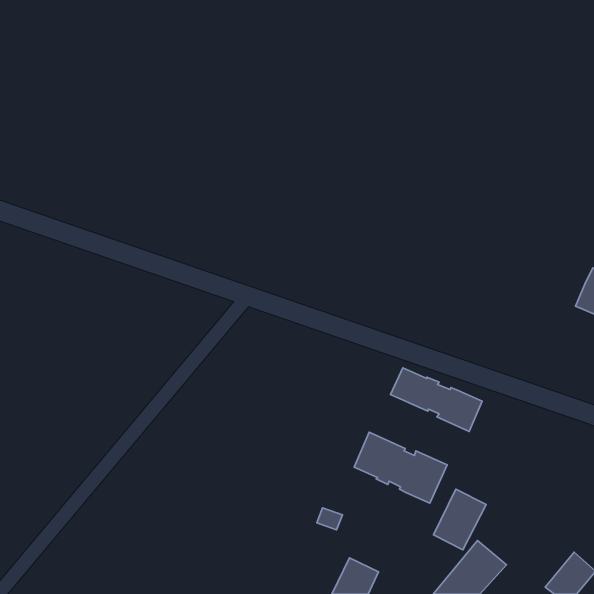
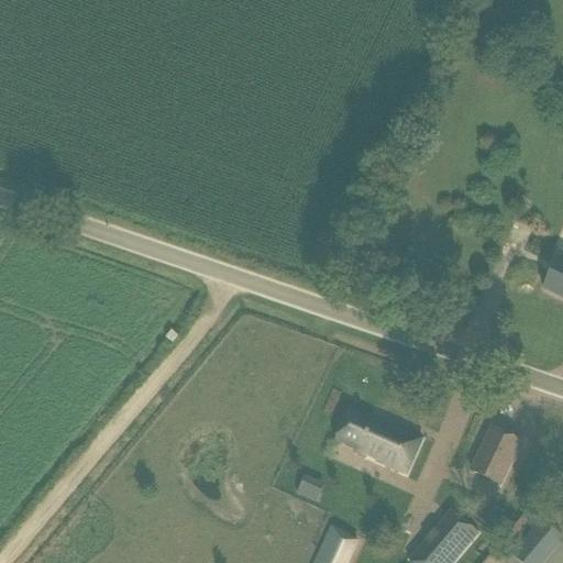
building: [390,368,482,431] -> none
building: [434,489,486,550] -> [473,428,522,485]

